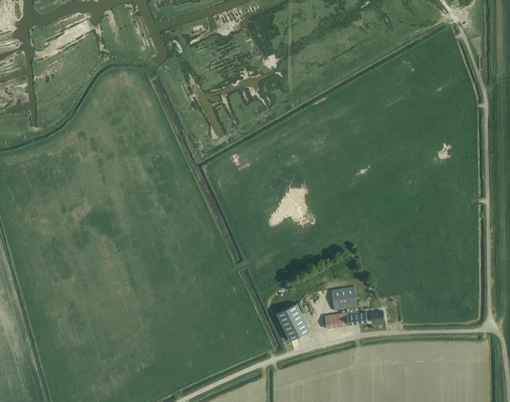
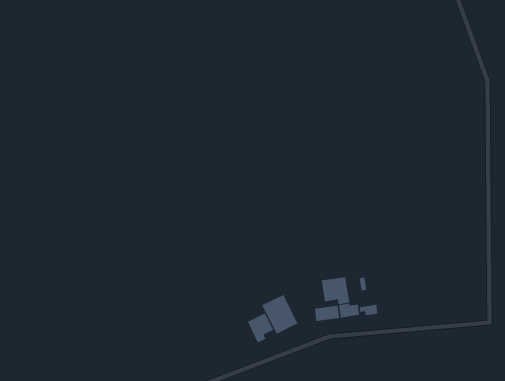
building: none -> [247,312,274,343]

